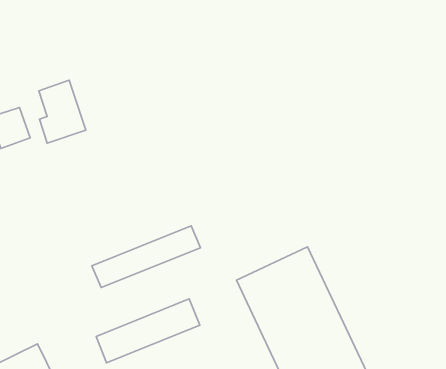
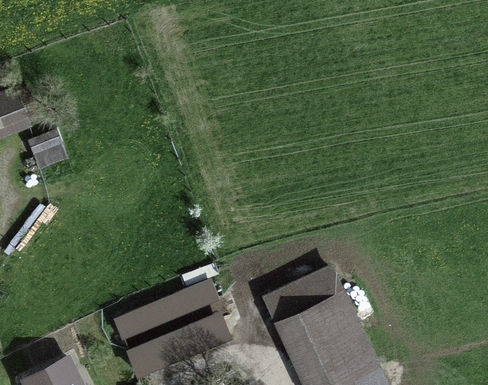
building: [39,80,86,143] -> none
building: [92,226,201,288] -> [113,280,217,339]

